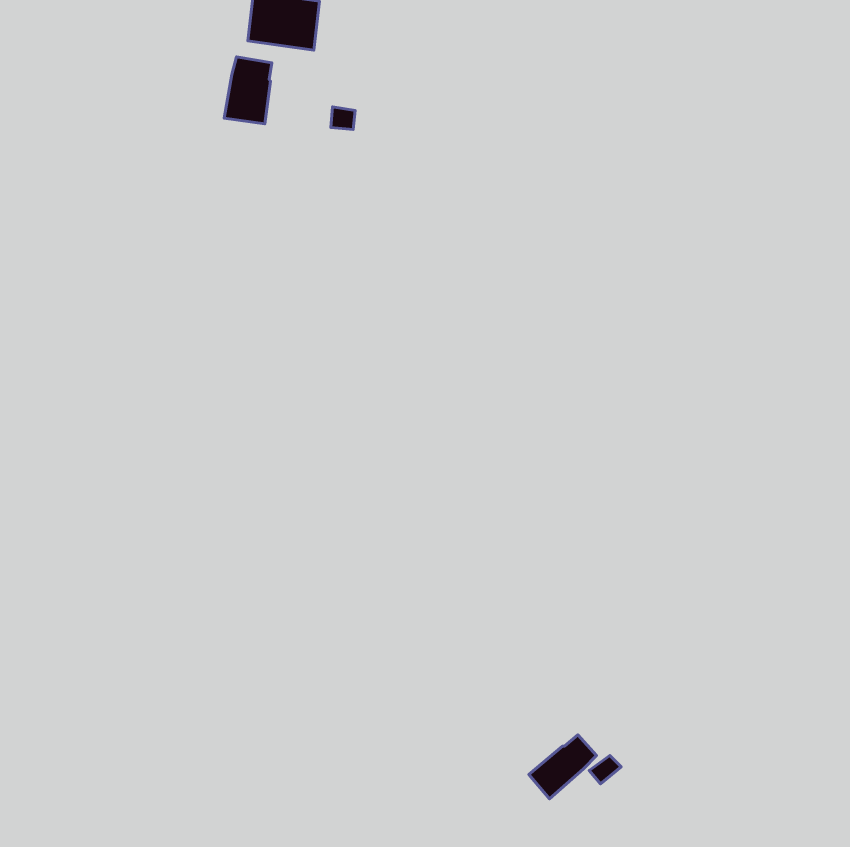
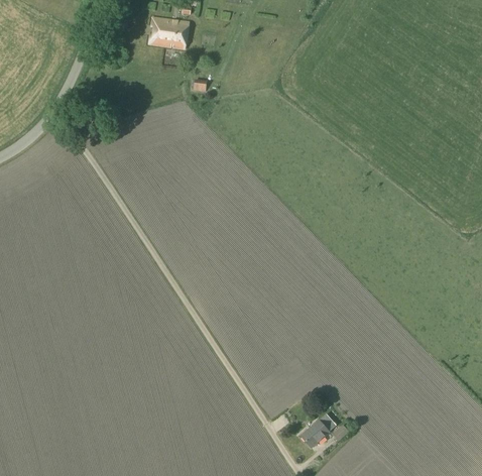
building: [224,57,272,124] -> none

